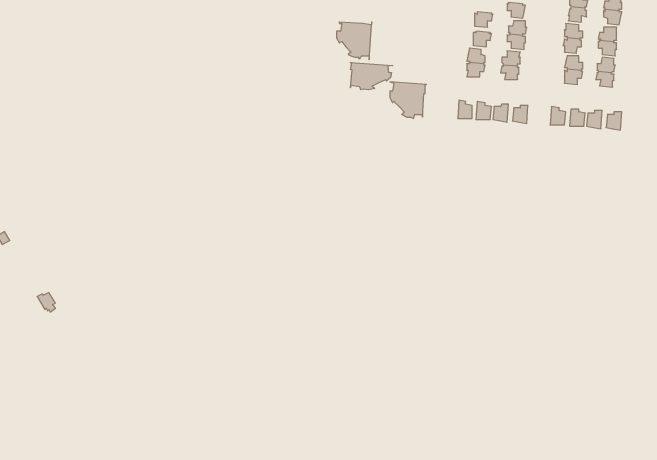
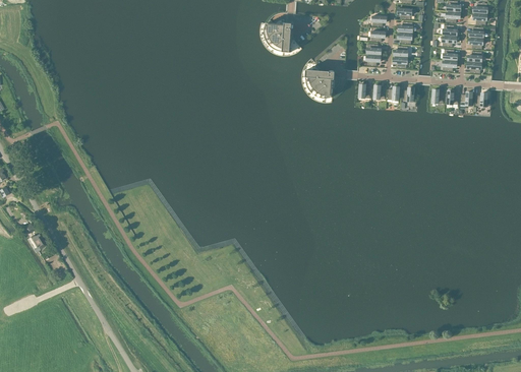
building: [350,63,393,90] -> none

